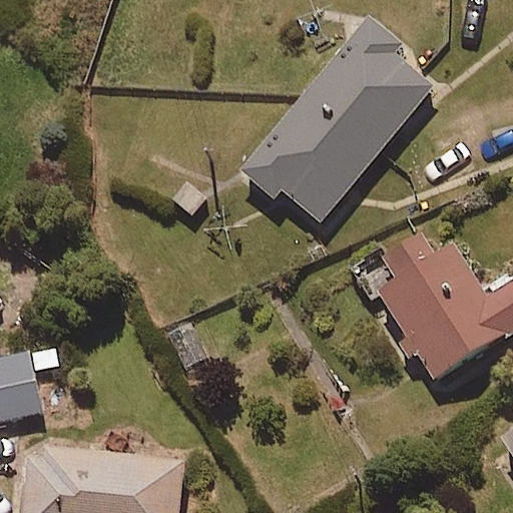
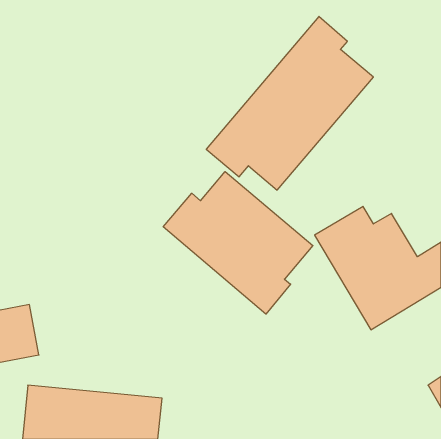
building: none -> [163,172,313,314]

